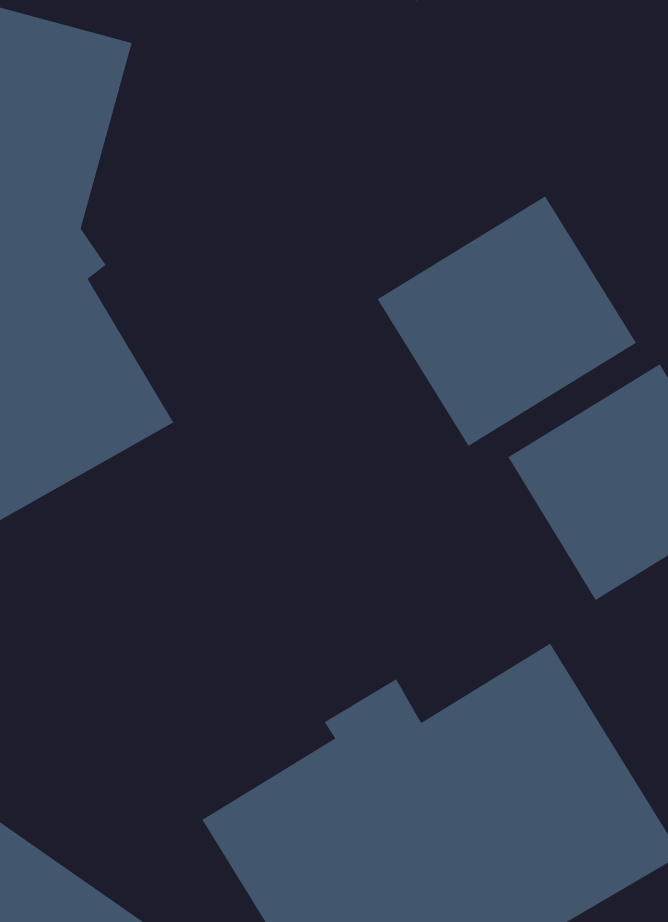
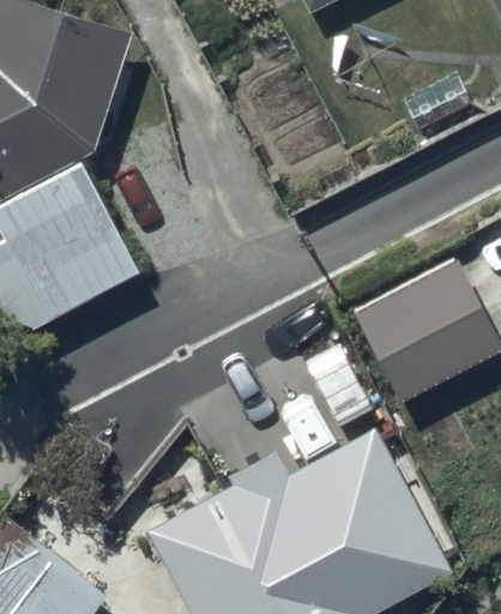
building: [377,195,637,447] -> none

